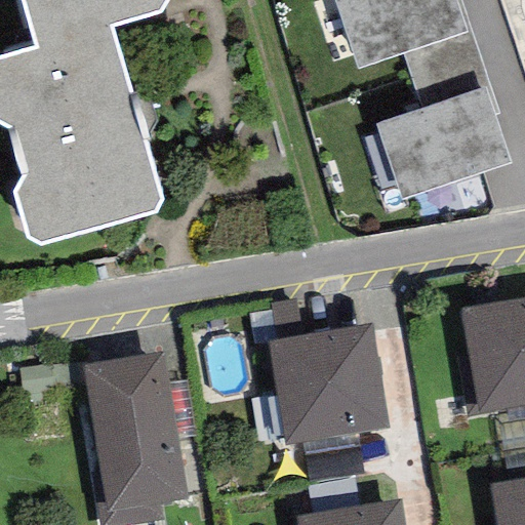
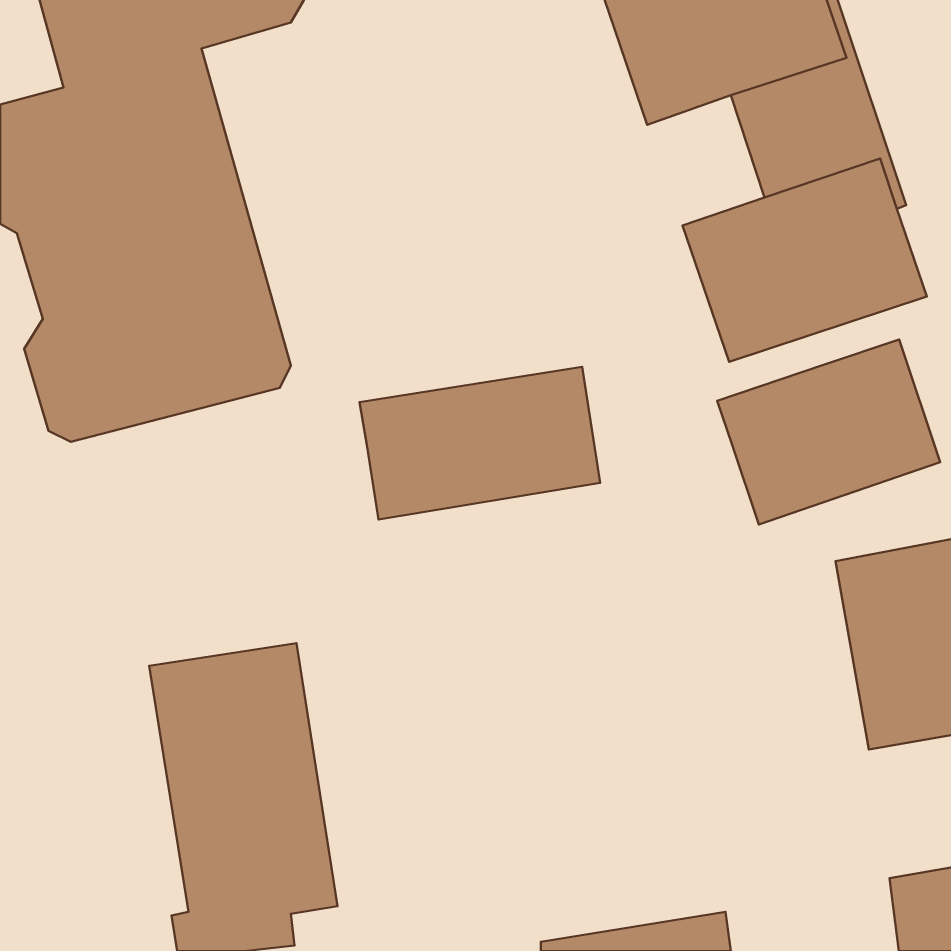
building: none -> [717,339,940,525]
building: none -> [360,367,600,519]
building: [270,323,387,444] -> none

